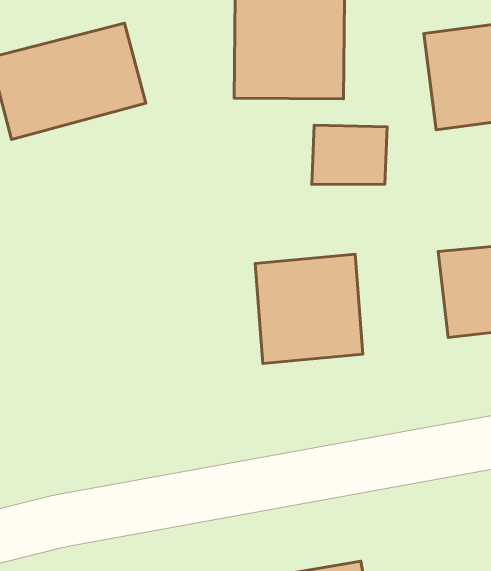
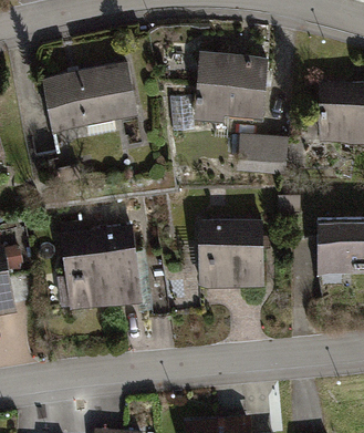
building: none -> [61,223,144,308]

